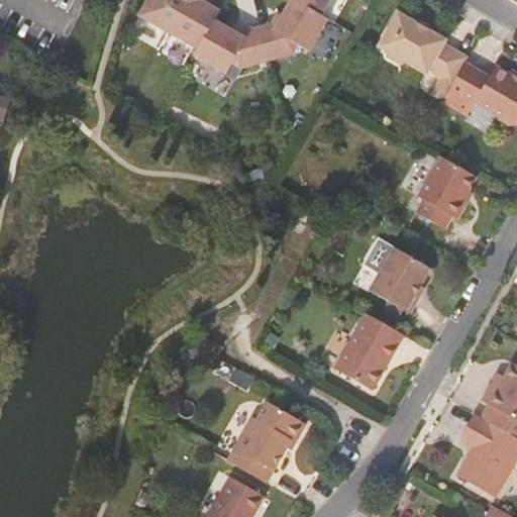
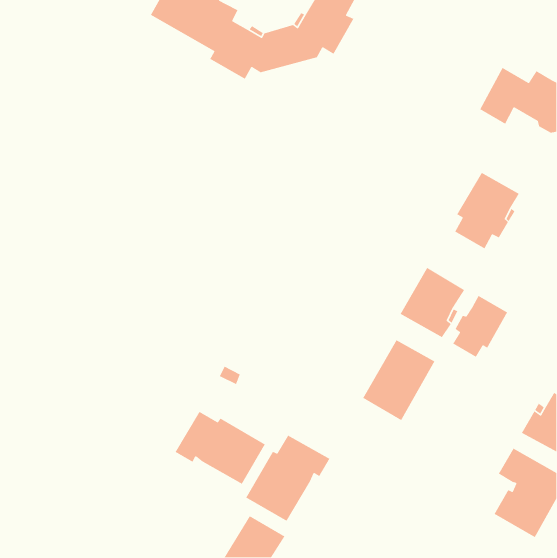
building: [378,12,467,101] -> none
building: none -> [452,295,508,358]
building: none -> [175,411,266,485]

